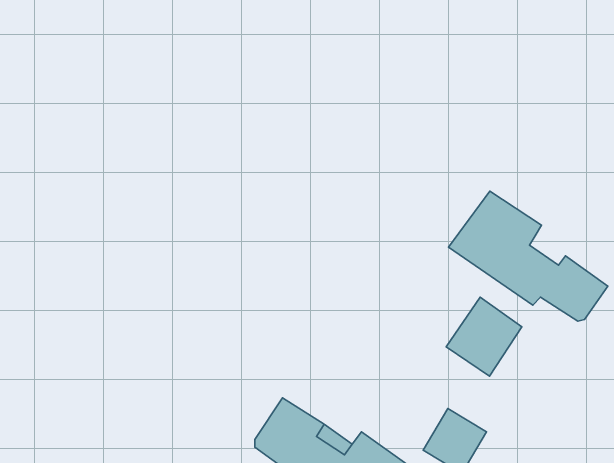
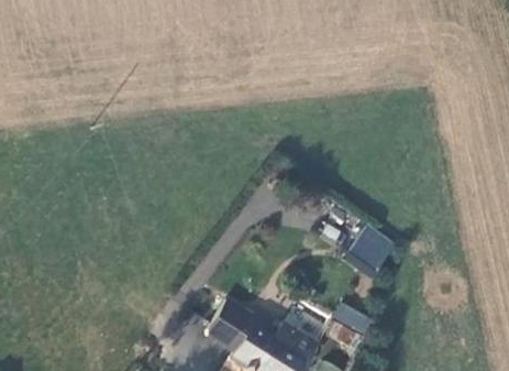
building: [449,191,608,321] -> none

